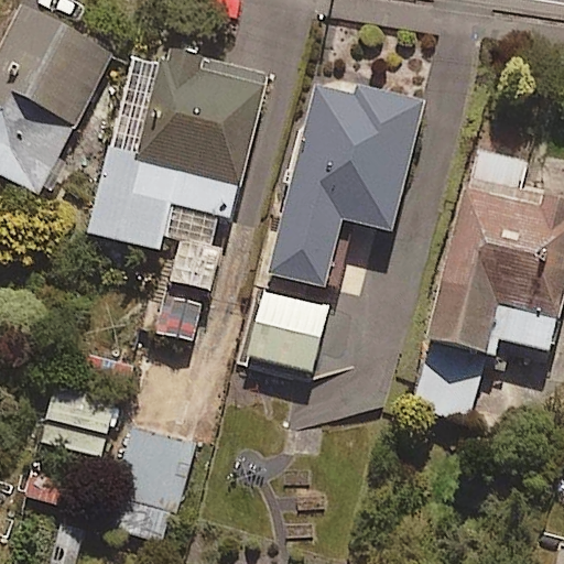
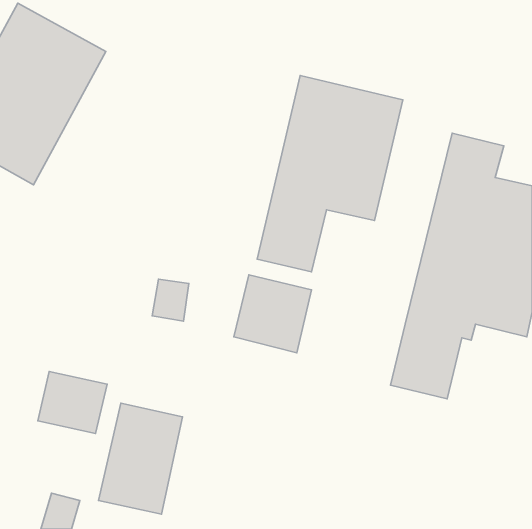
building: [87,47,269,250] -> none

